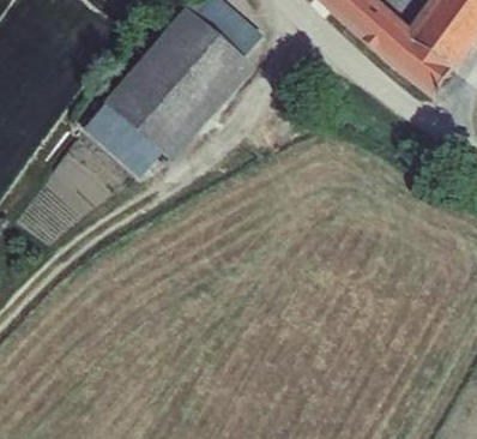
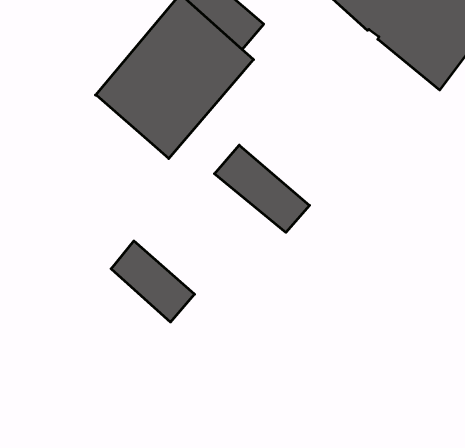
building: [84,101,163,178] -> [111,241,195,322]
building: none -> [214,145,310,232]

